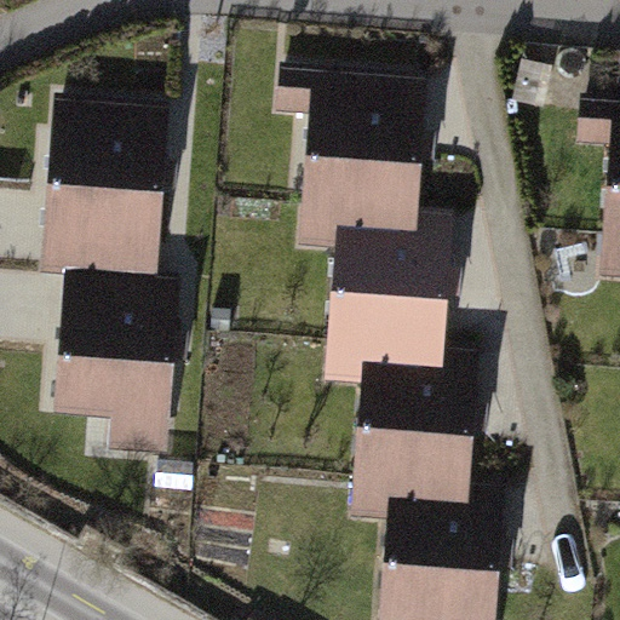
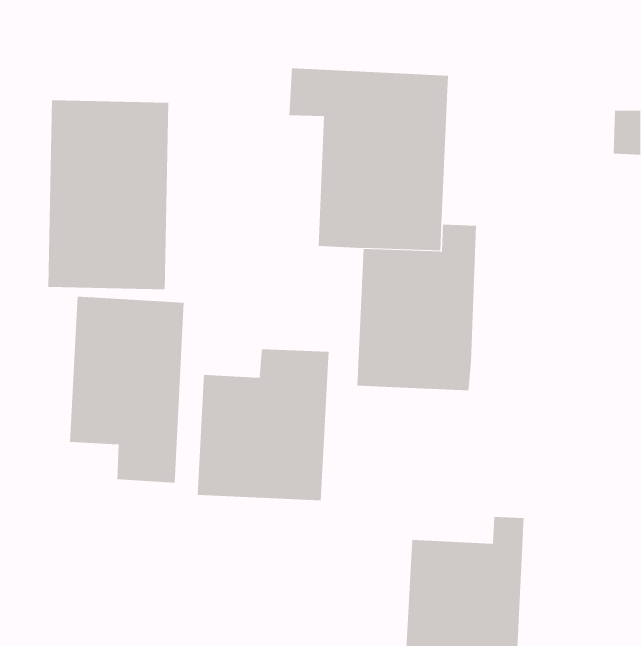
building: none -> [197,348,329,501]
building: [356,350,473,522] -> none

